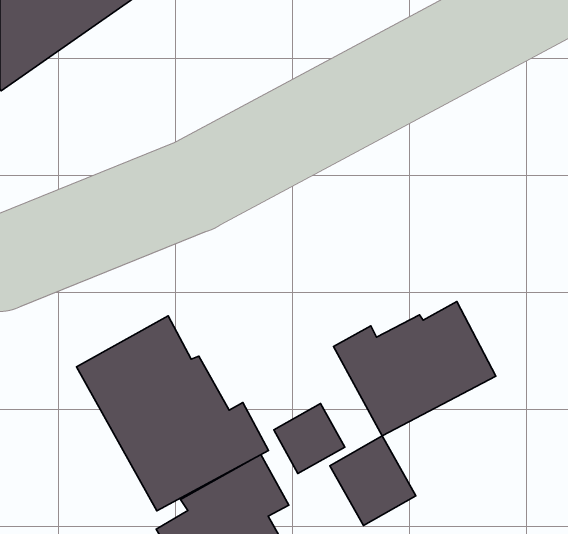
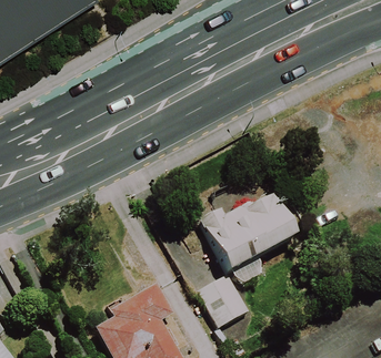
building: [77,316,268,511] -> none
building: [274,403,345,473] -> none

